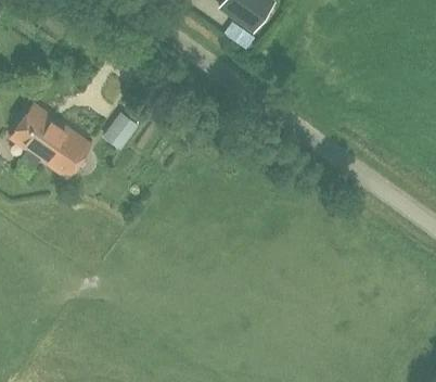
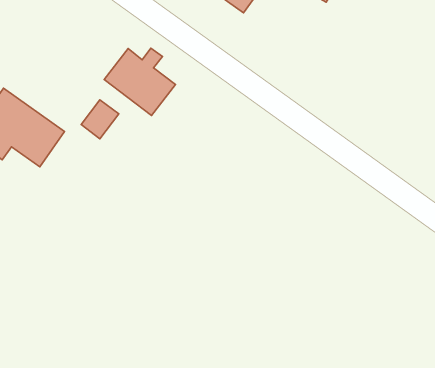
building: none -> [104,48,175,116]

